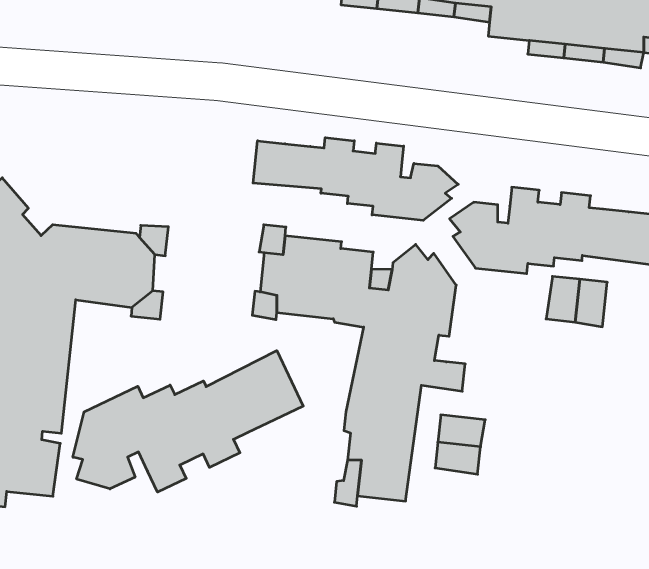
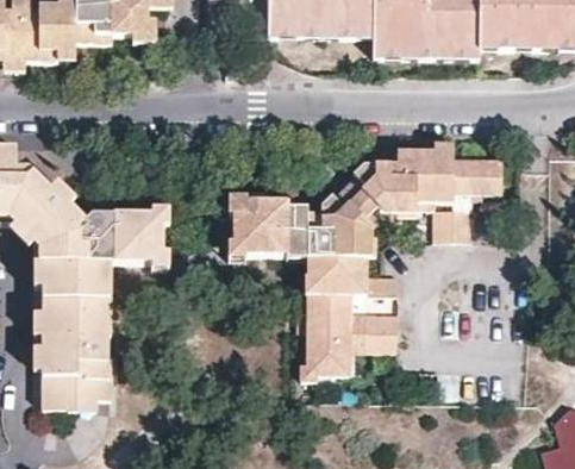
building: [253,138,458,220] -> none
building: [73,351,303,492] -> none

